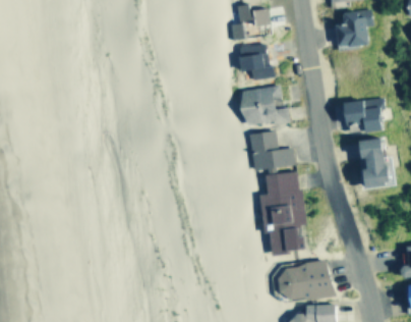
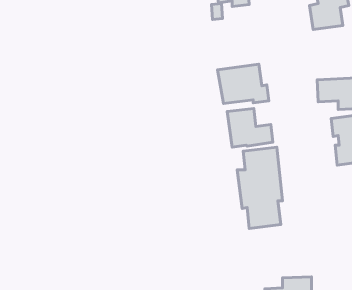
building: [240,52,274,79] -> none
building: [276,258,335,304] -> none

